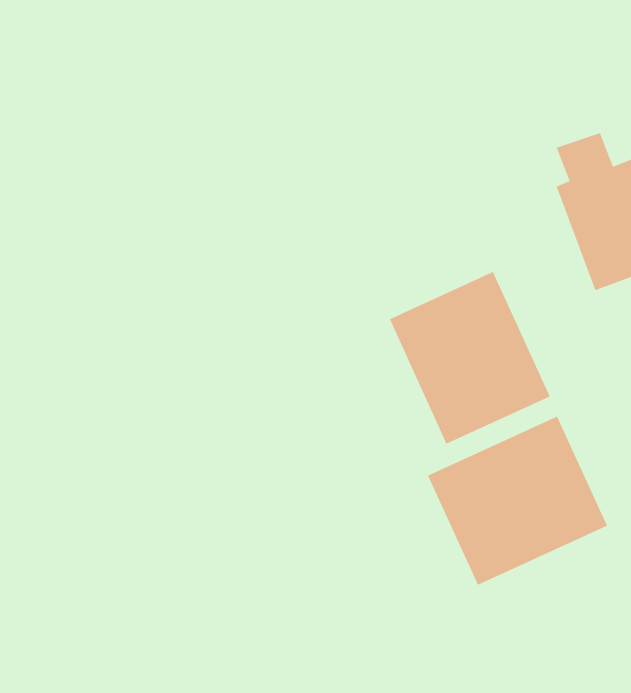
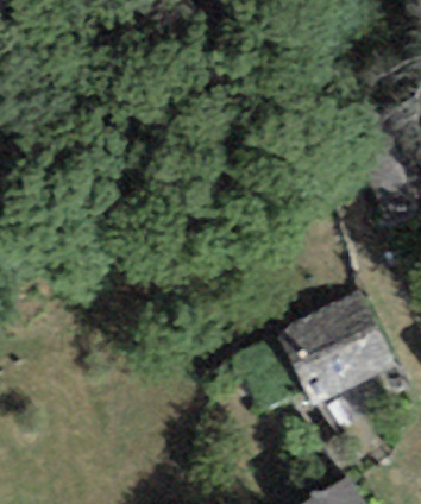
building: [389,271,550,444] -> none

